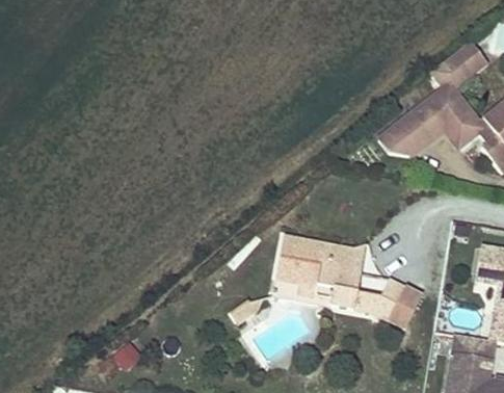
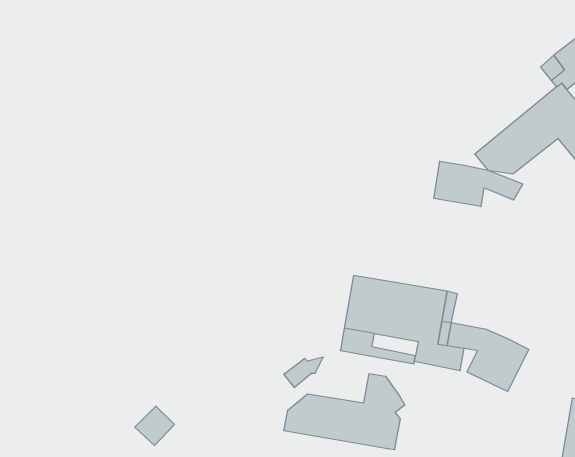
building: none -> [434,161,523,207]
building: none -> [284,374,405,450]

